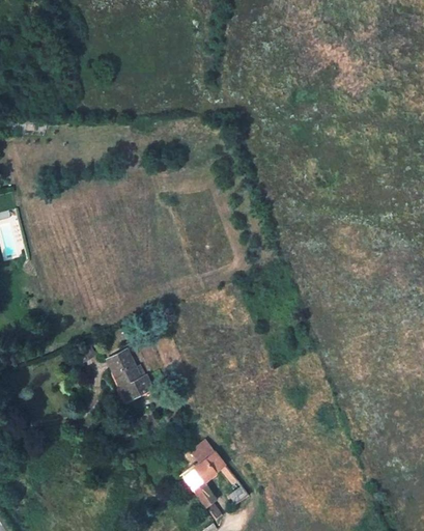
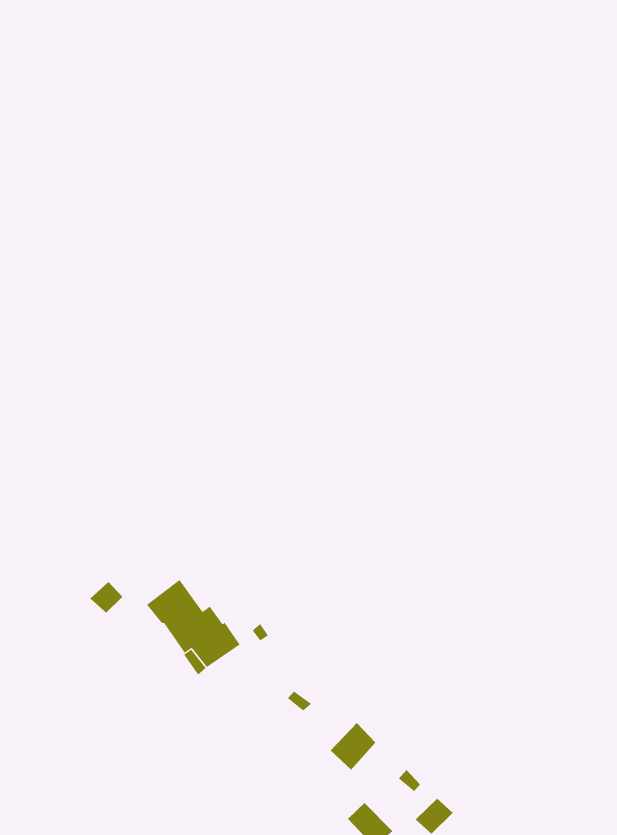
building: [183,452,225,490] -> none

